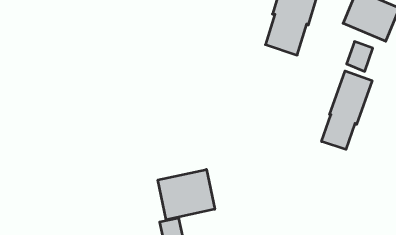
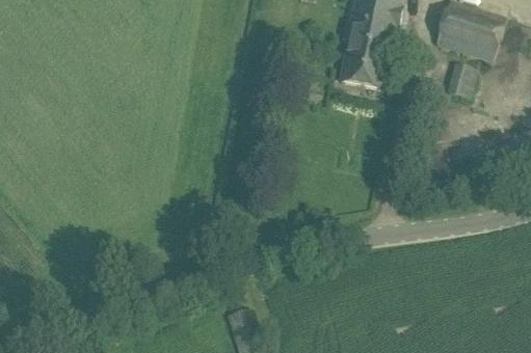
building: [322,71,372,149] -> none
building: [158,169,215,220] -> none

